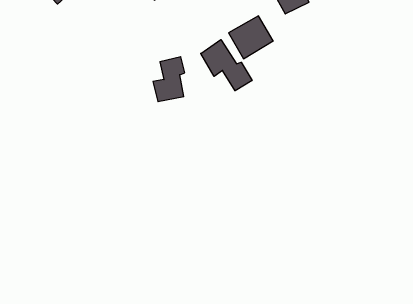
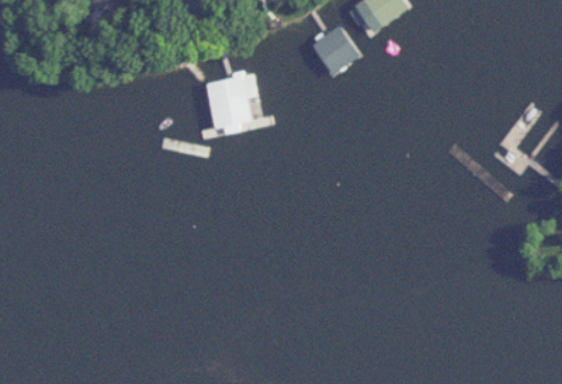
building: [201,40,252,91] -> none

